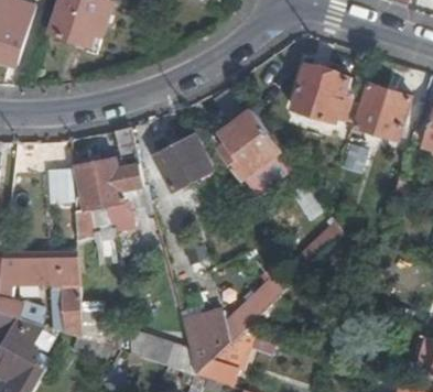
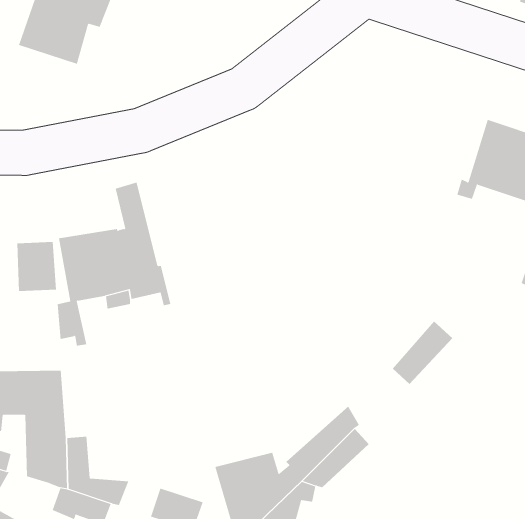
building: [290,63,351,122] -> none
building: [220,108,282,176] -> none
building: [154,137,210,189] -> none

